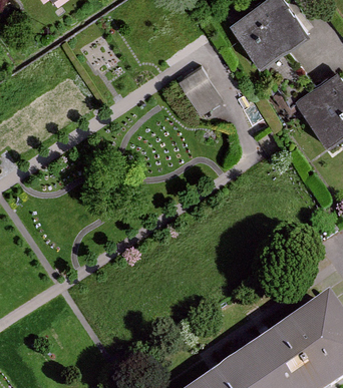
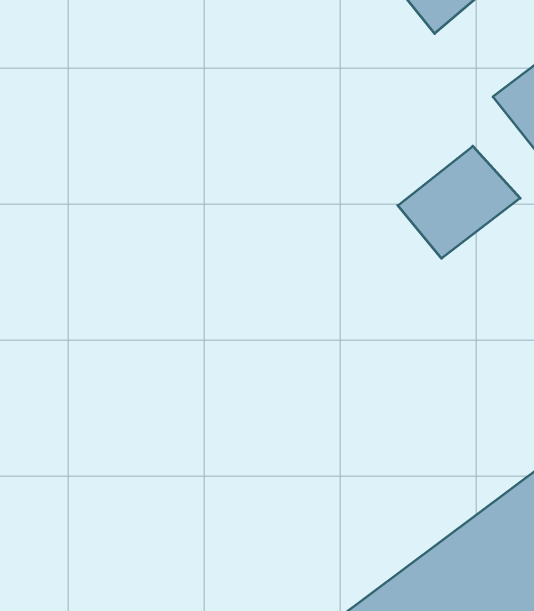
building: none -> [398,146,520,258]

